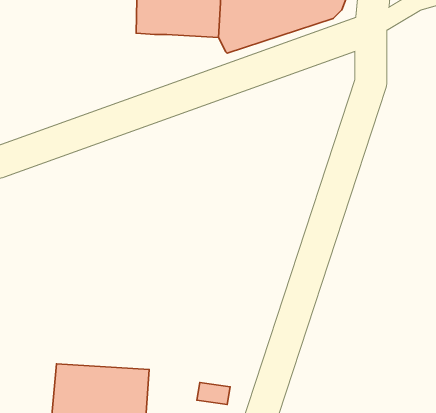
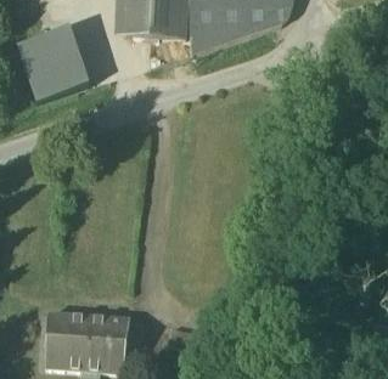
building: none -> [18,24,91,101]

